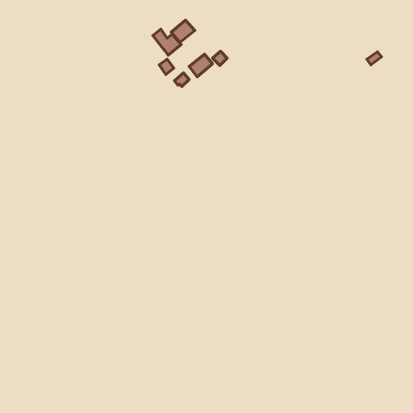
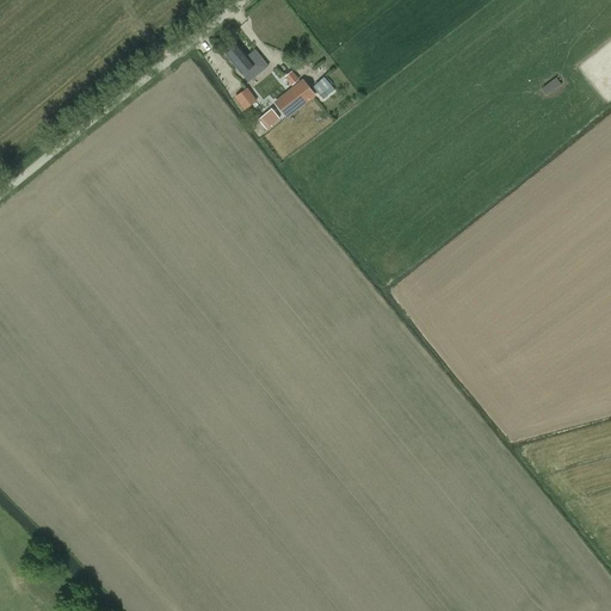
building: [171,20,195,43] -> none

